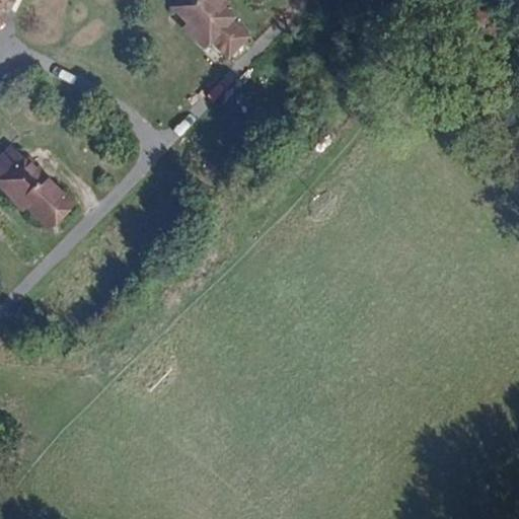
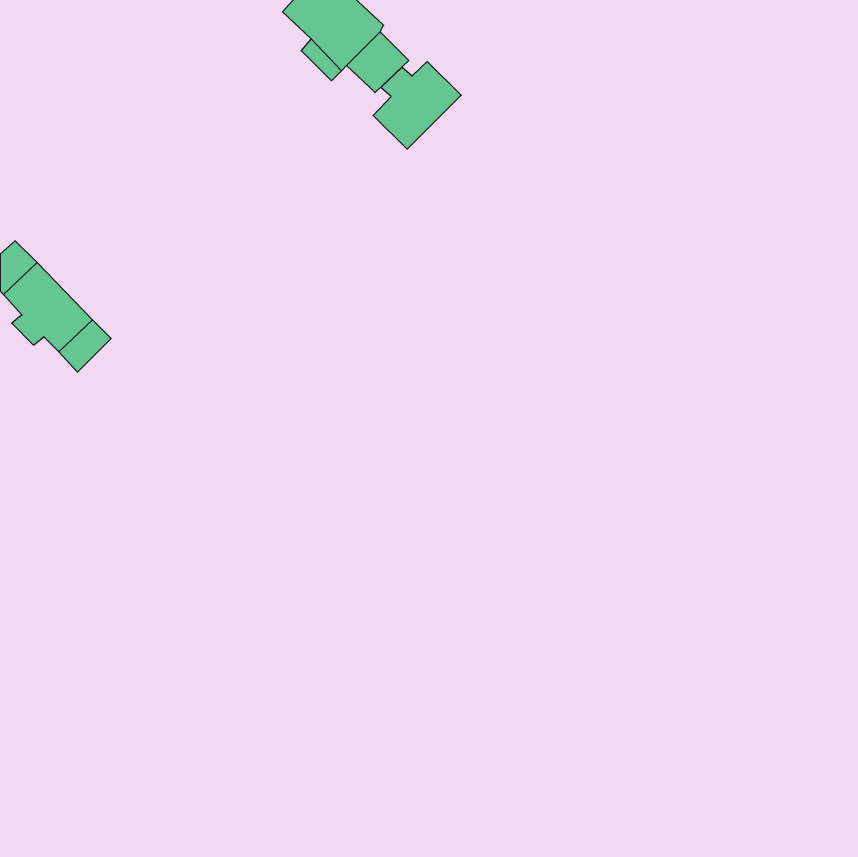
building: none -> [373,62,461,149]

